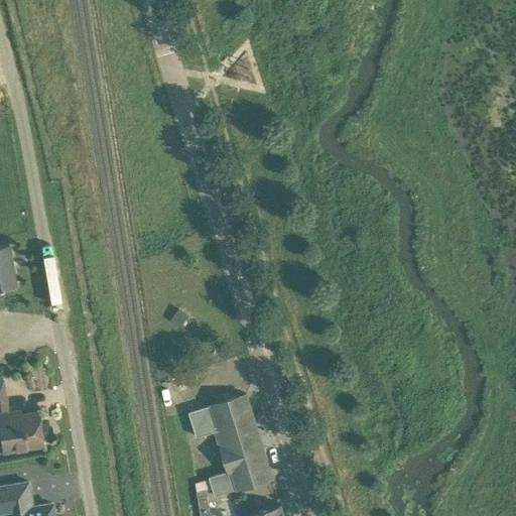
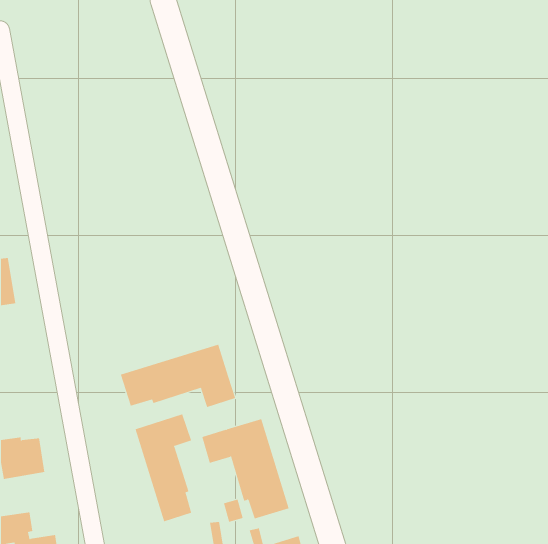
building: none -> [120,344,236,408]
building: none -> [135,414,192,522]

